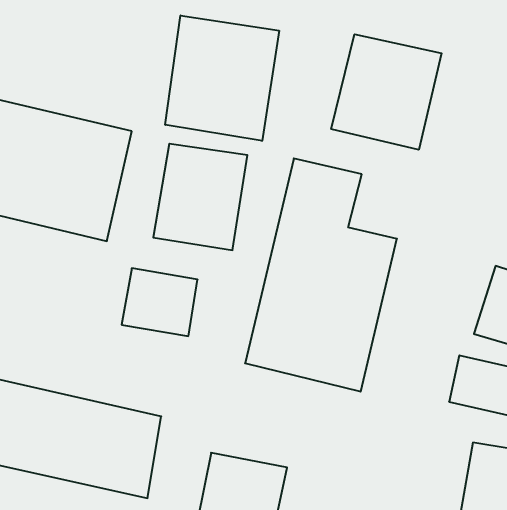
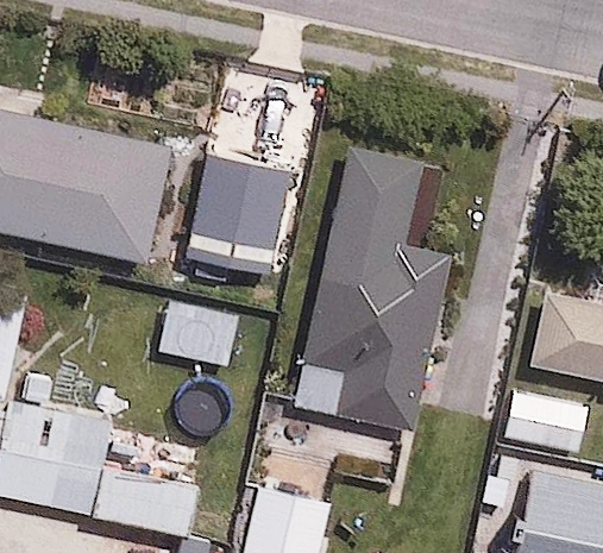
building: [165,15,279,141] -> none
building: [331,34,442,150] -> none

